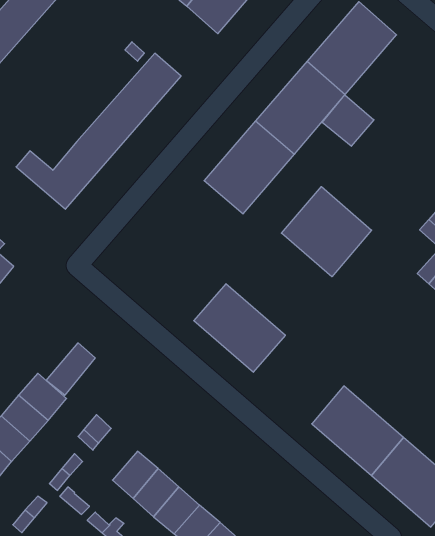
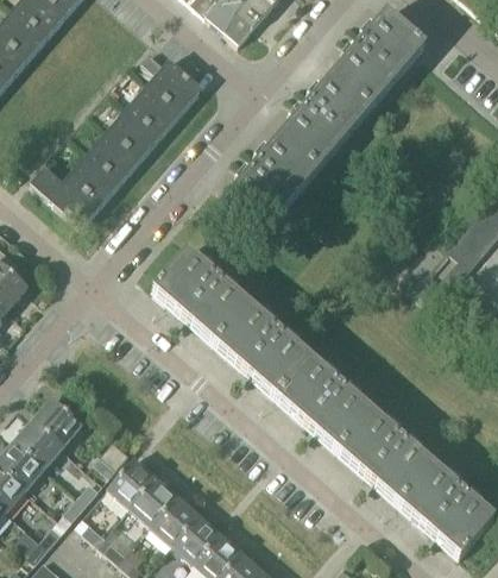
building: [322,95,374,146] -> none
building: [281,187,372,277] -> none
building: none -> [152,249,247,340]
building: none -> [276,356,370,447]
building: [46,343,95,395] -> none
building: none -> [107,456,156,505]

